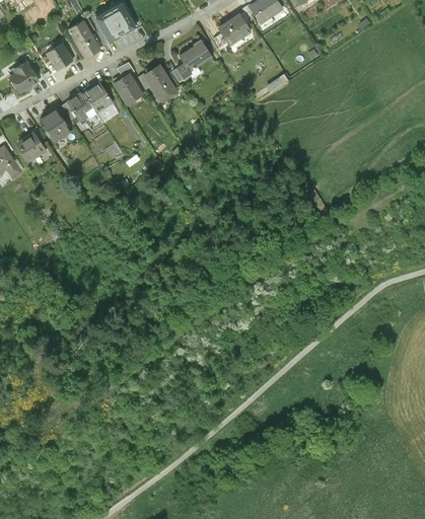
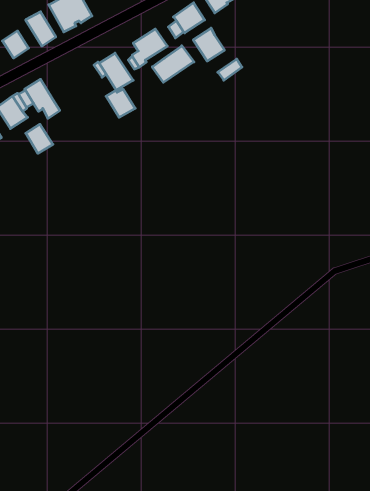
building: none -> [193,28,224,61]
building: none -> [152,46,194,82]
building: [114,76,143,104] -> [106,89,135,117]
building: [85,82,113,112] -> [26,124,53,153]

